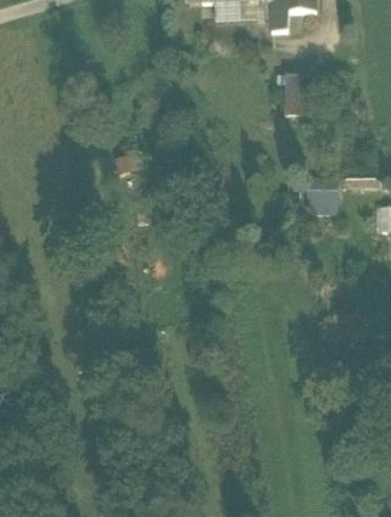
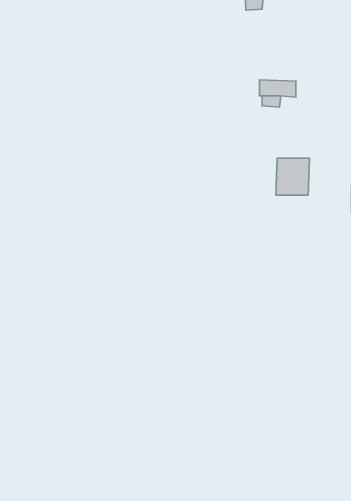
building: [285,74,321,99] -> none

